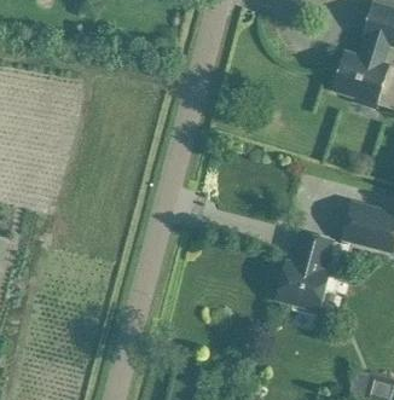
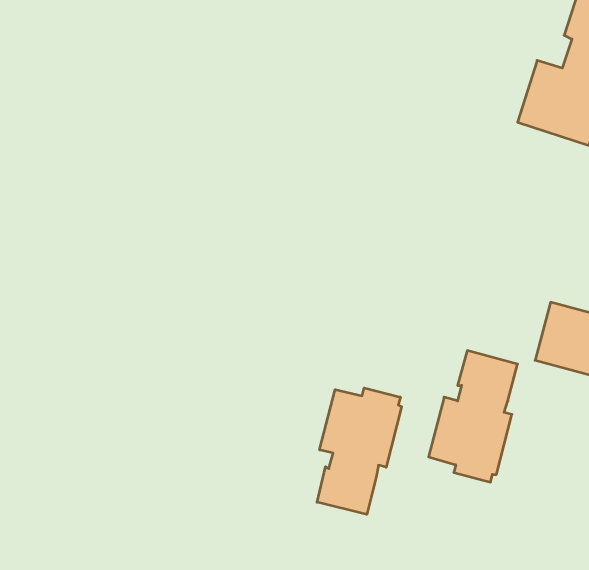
building: none -> [317,388,402,514]

